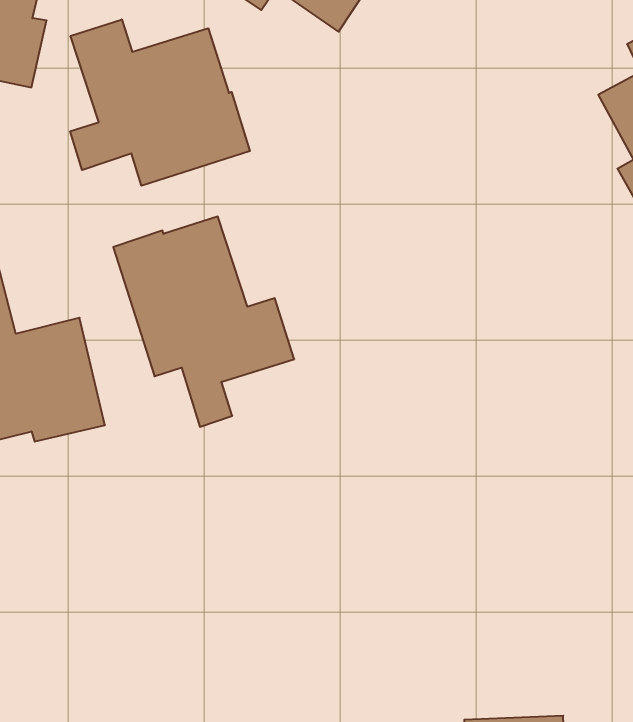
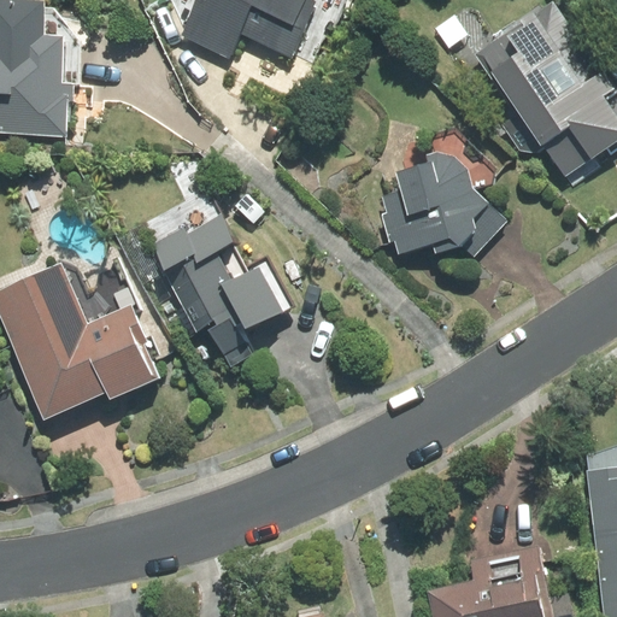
building: [70,19,250,186] -> none
building: none -> [382,151,509,255]

